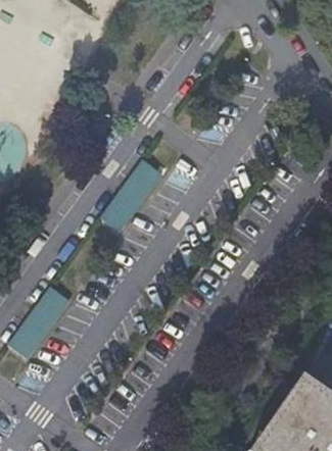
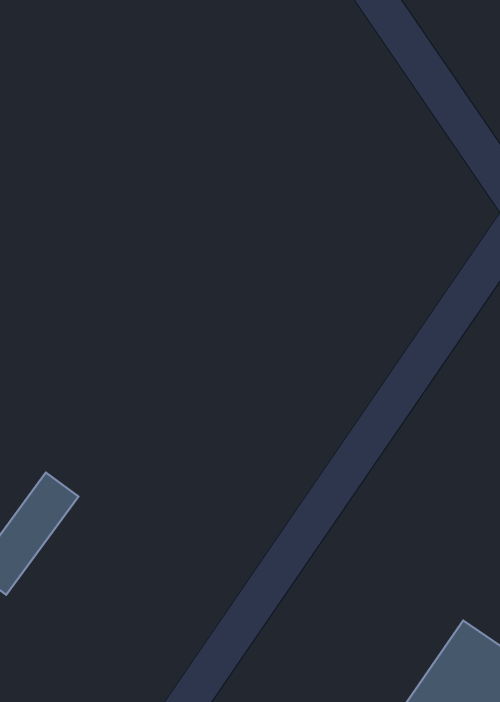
building: [103,154,165,229] -> none

